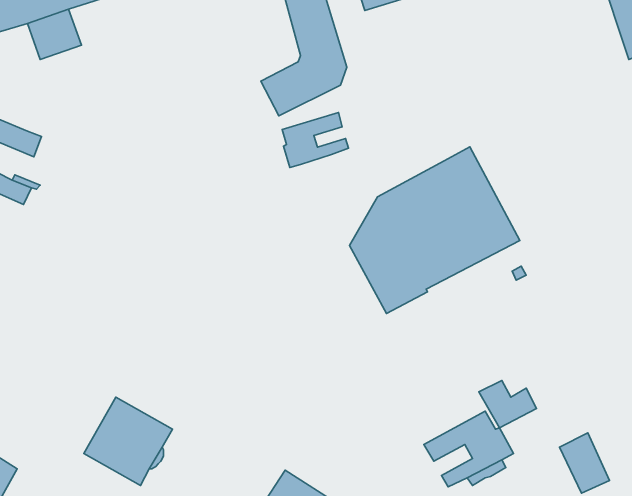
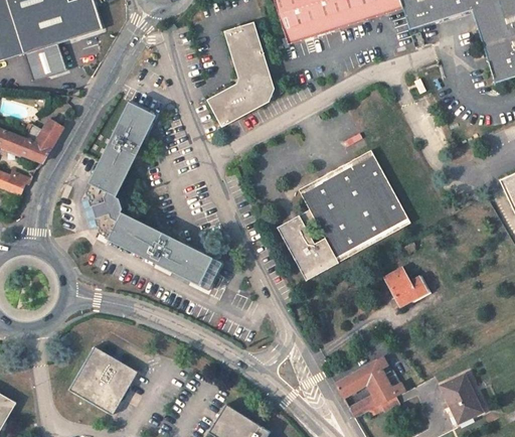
building: none -> [85,103,221,291]
building: none -> [24,119,63,163]
building: [282,112,348,168] -> none
building: [479,380,537,428] -> [384,269,430,306]

